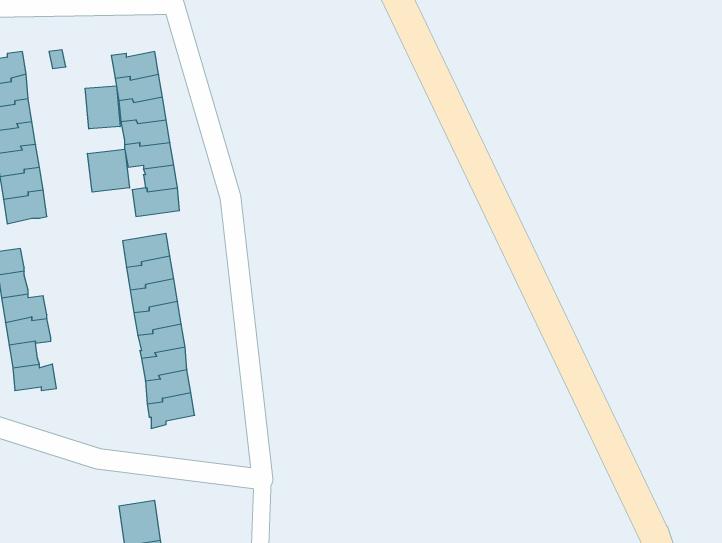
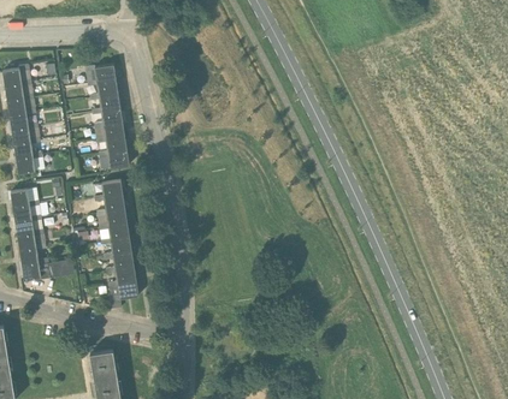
building: [85,86,120,129] -> none
building: [87,149,130,192] -> none

